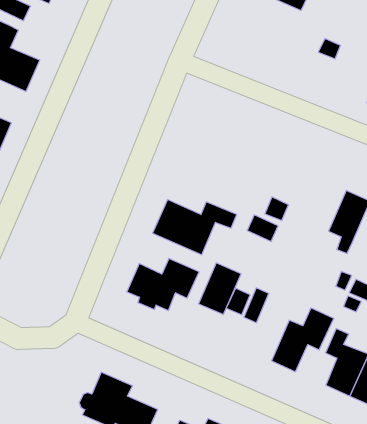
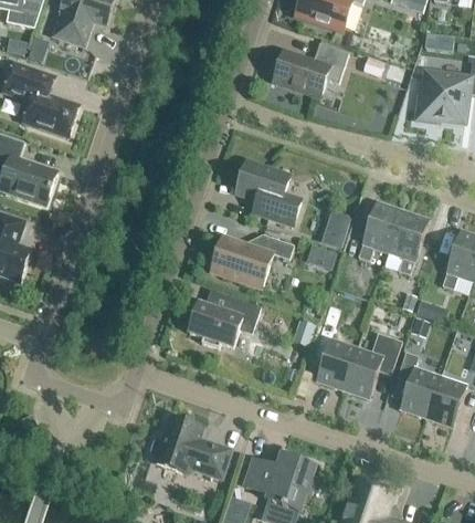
building: none -> [273,42,348,97]
building: none -> [236,161,300,227]
building: none -> [358,201,403,261]
building: [198,263,241,315] -> [316,338,357,390]

